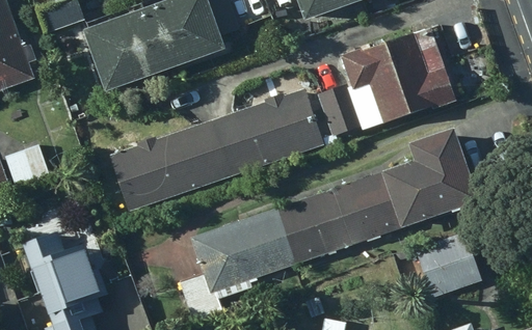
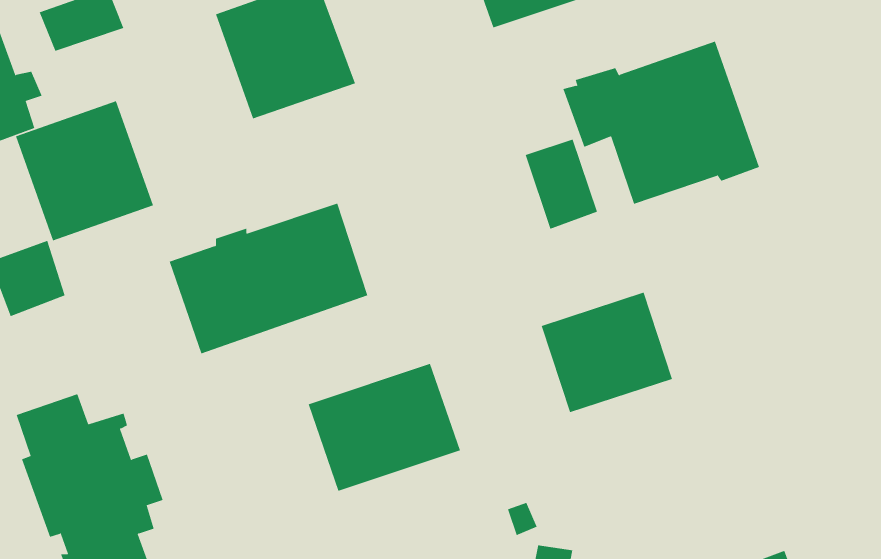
building: [79,10,160,92] -> [15,101,154,241]
building: [210,88,321,174] -> none
building: [389,133,476,223] -> none
building: [264,192,345,265] -> none
building: [417,230,483,297] -> none

